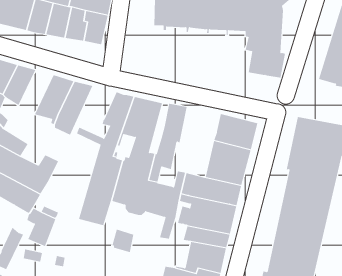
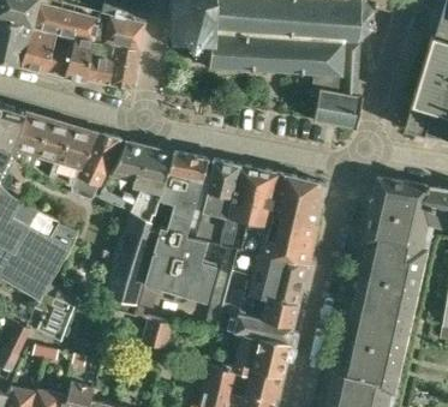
building: none -> [26,119,70,175]
building: none -> [109,140,149,181]
building: none -> [219,166,280,255]

